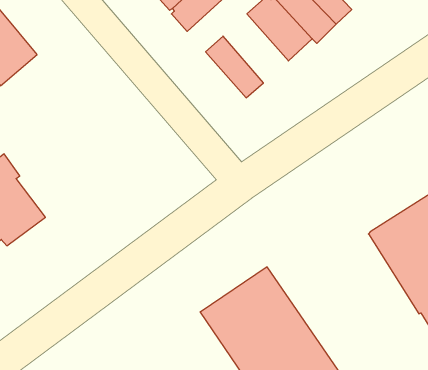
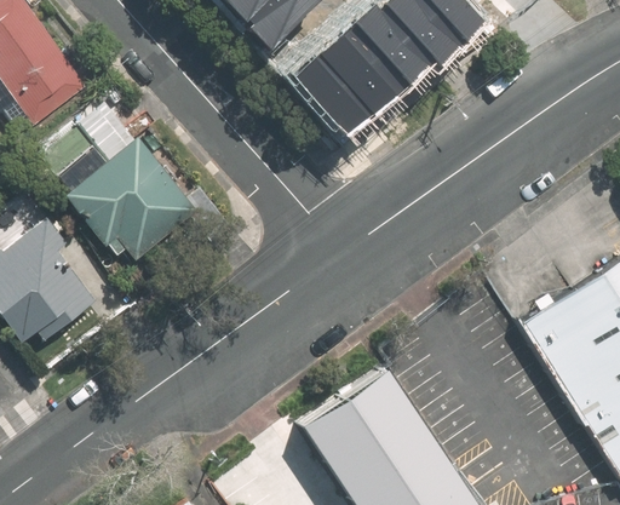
building: none -> [323,28,409,119]
building: none -> [54,127,228,254]

